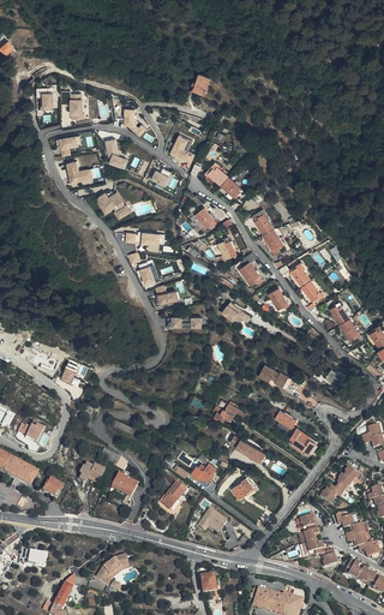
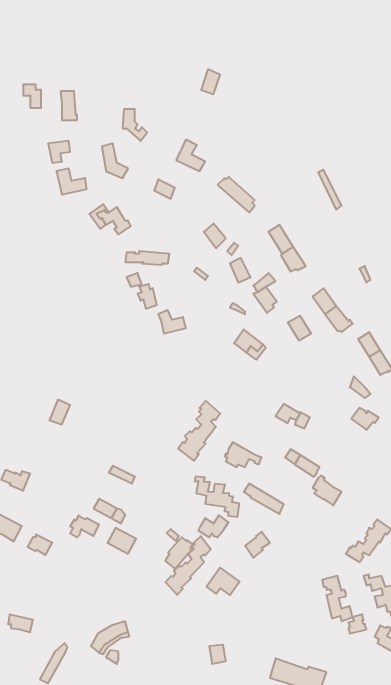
building: none -> [178,401,220,461]
building: none -> [195,476,239,517]
building: none -> [165,536,211,595]

